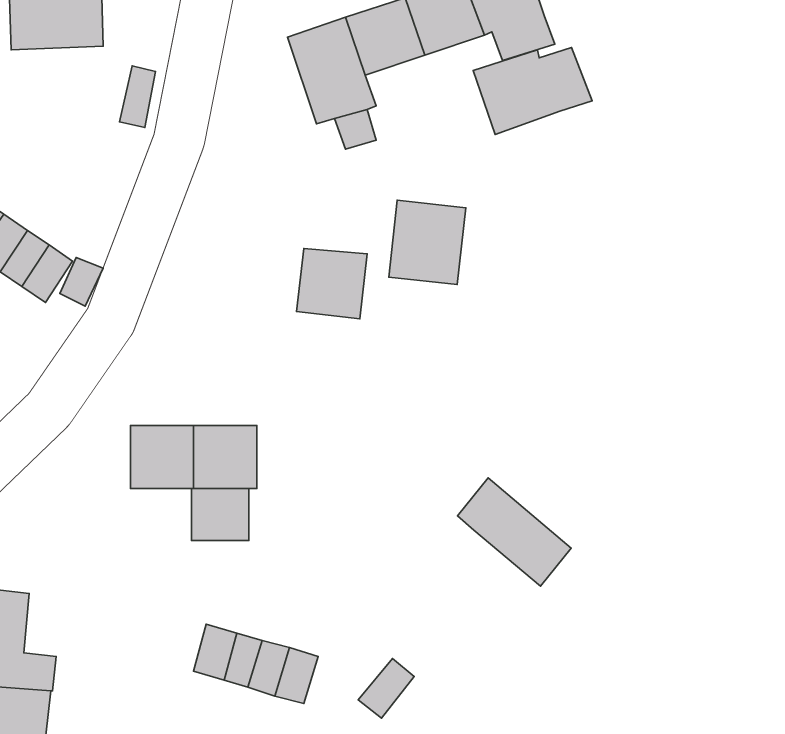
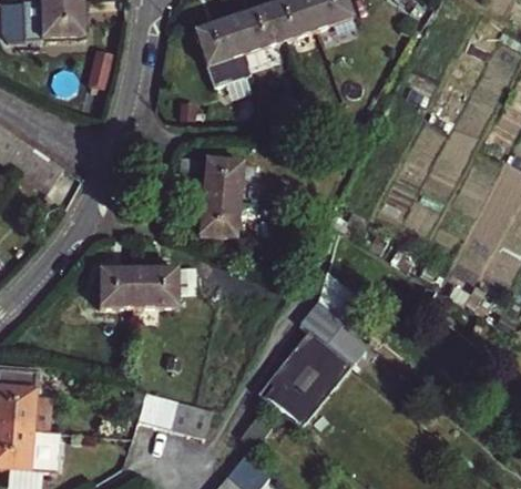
building: [473,48,592,134] -> none
building: [389,200,466,285] -> none
building: none -> [197,197,239,238]
building: [191,489,249,540] -> none
building: none -> [259,332,350,427]

